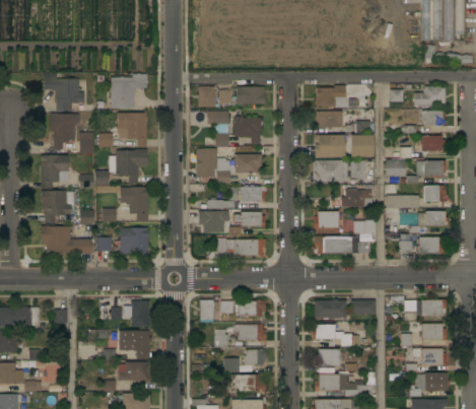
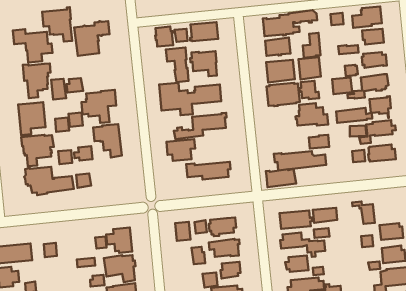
building: [117,111,147,147] -> [42,7,72,41]
building: [314,211,345,228] -> [266,169,296,187]
building: [229,212,265,234] -> none
building: [120,227,148,255] -> none
building: [421,300,446,317] -> none

